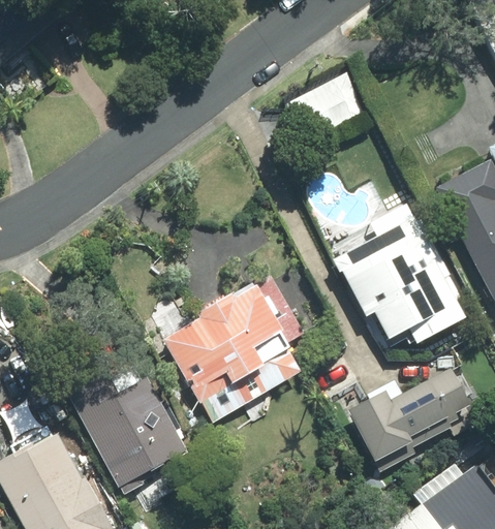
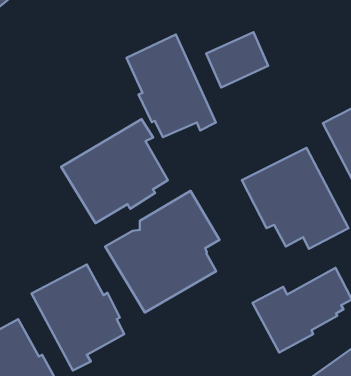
building: none -> [126,35,216,137]
building: none -> [61,119,168,223]

